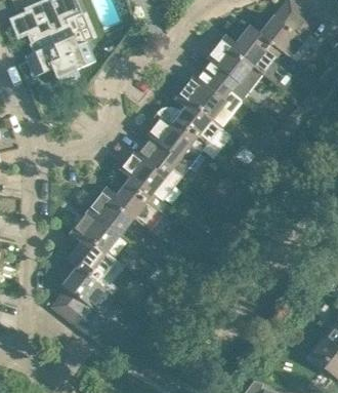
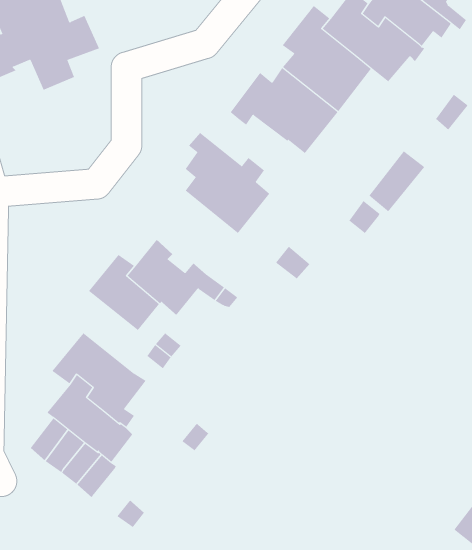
building: [156,102,220,151] -> none
building: [114,148,179,199] -> none
building: [69,209,118,251] -> none

